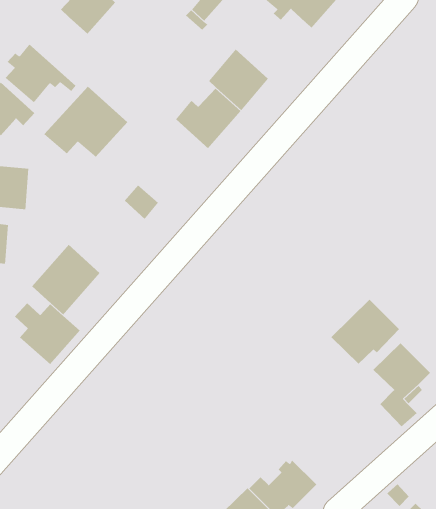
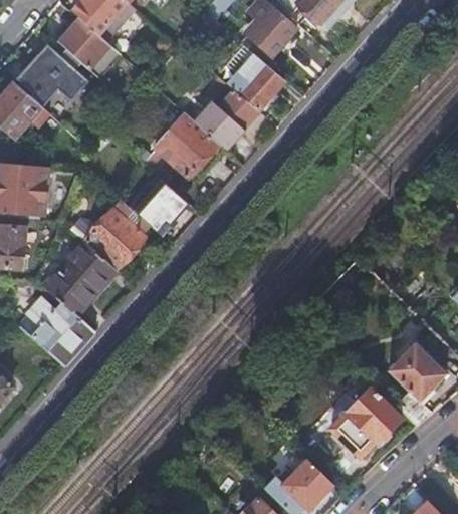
building: none -> [247,8,295,55]
building: none -> [63,18,113,67]
building: [44,86,128,157] -> [140,113,224,185]
building: none -> [86,210,144,267]
building: [330,299,400,364] -> [329,389,399,454]

